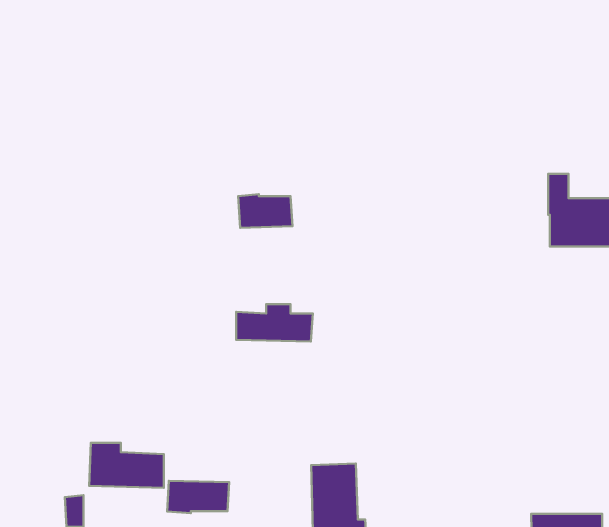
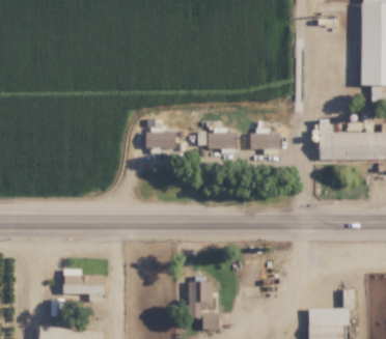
building: none -> [249,121,279,149]
building: [236,304,313,342] -> [195,128,238,148]
building: [167,481,229,513] -> none

